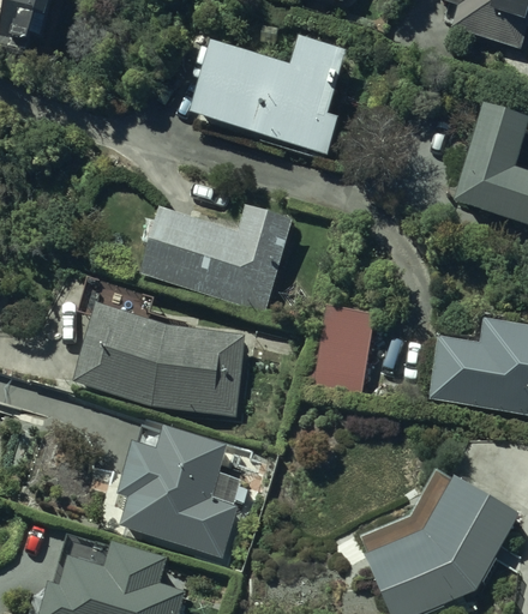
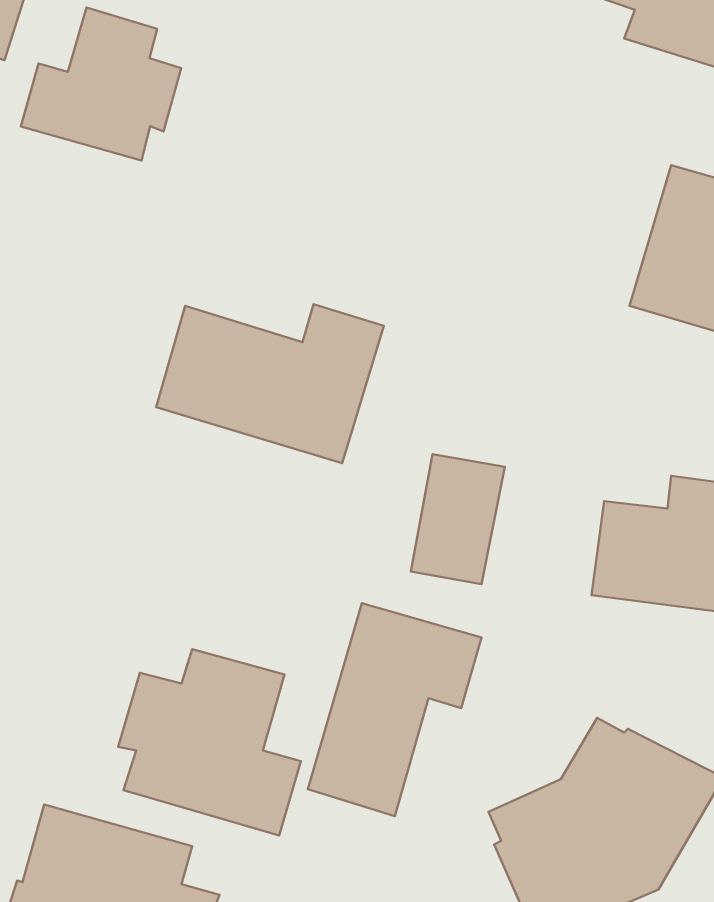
building: none -> [21,8,181,160]
building: [190,40,349,154] -> none
building: [74,278,245,416] -> none
building: none -> [308,603,481,816]

